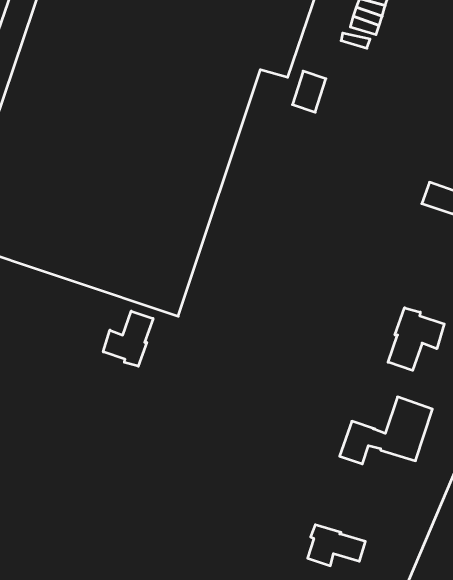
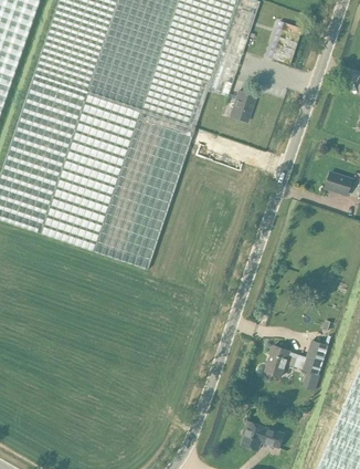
building: [388,308,444,370] -> none
building: [103,311,153,366] -> none

